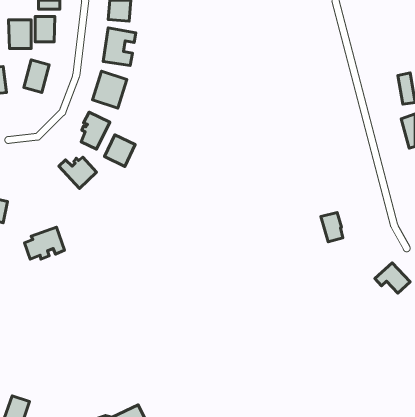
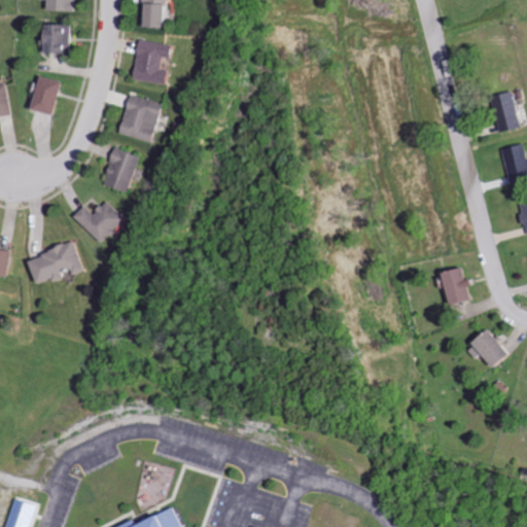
building: [8,20,31,49] -> none
building: [104,135,135,166] -> none
building: [321,212,343,242] -> [448,270,476,307]
building: [24,227,65,259] -> [29,241,79,281]

